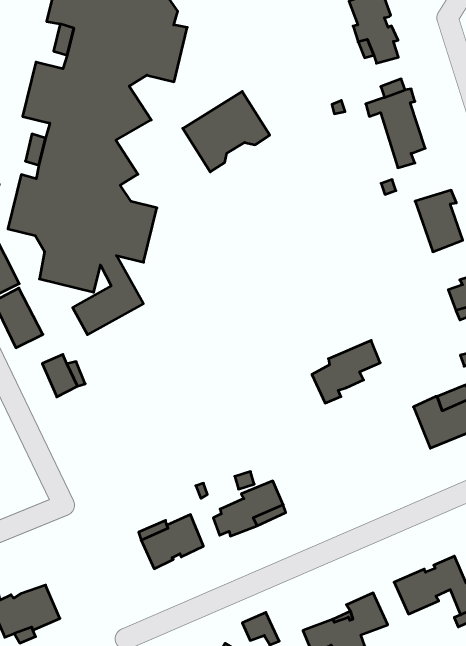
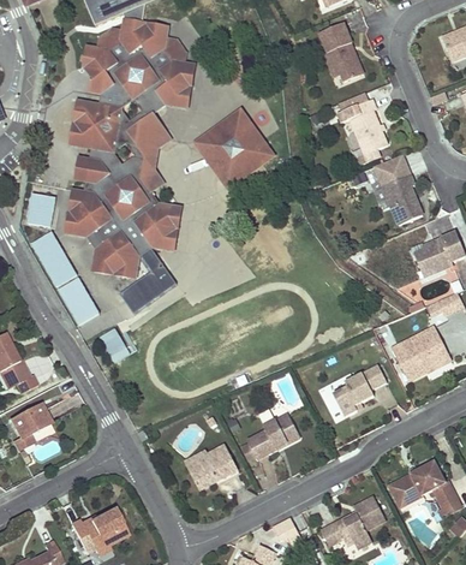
building: none -> [220,143,273,186]
building: none -> [374,155,410,186]
building: [312,340,380,403] -> [333,364,386,416]

